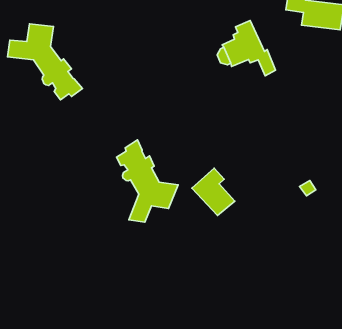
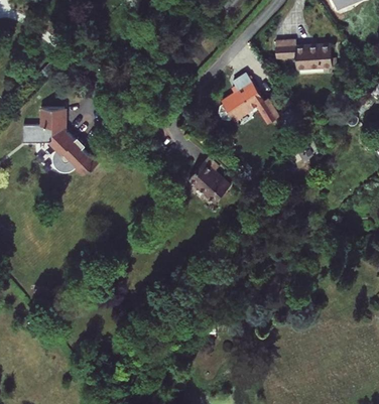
building: [116,140,178,222] -> none
building: [192,168,235,216] -> [192,156,234,200]

